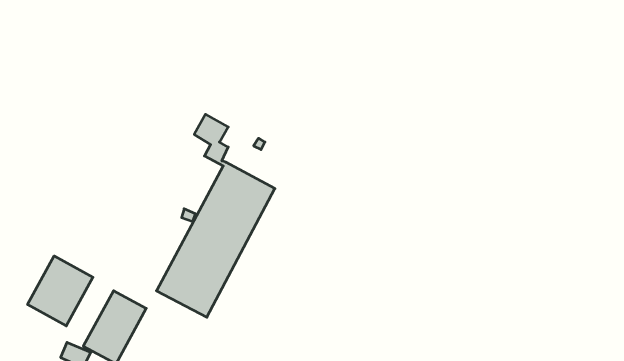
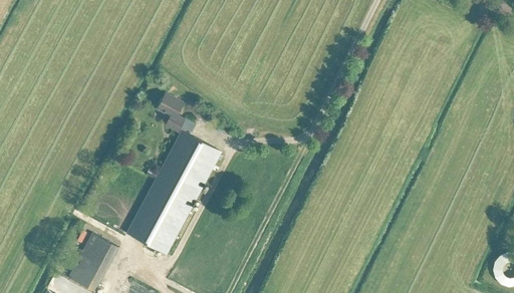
building: [28,256,93,326] -> none

